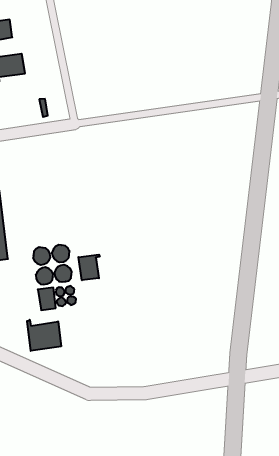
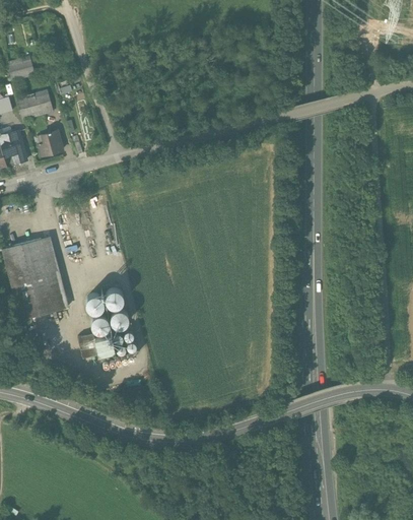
building: none -> [41,130,64,155]
building: [78,255,100,280] -> none
building: [27,320,61,351] -> none

